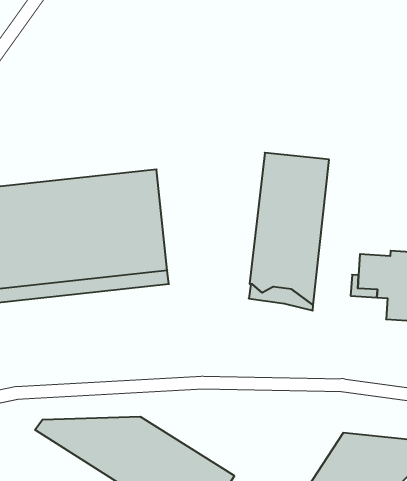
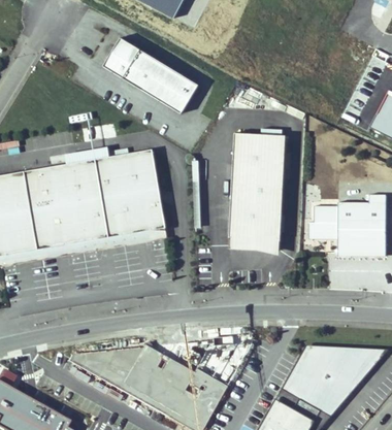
building: none -> [102,35,198,111]

